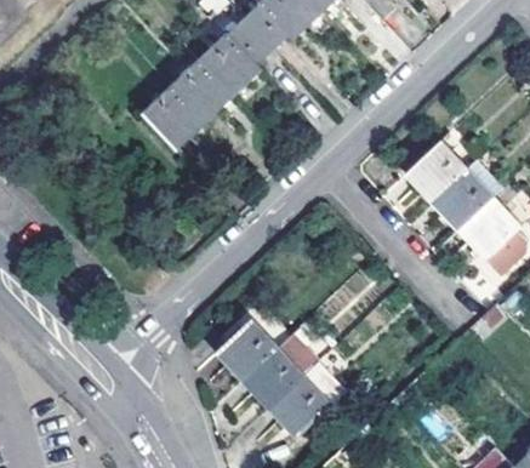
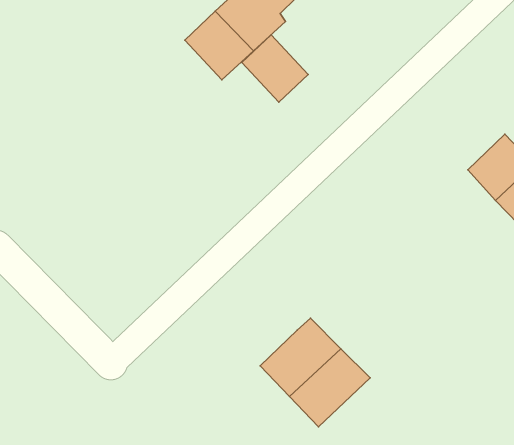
building: [146,81,206,143] -> [242,35,308,102]
building: [405,138,466,200] -> none
building: [215,320,275,379] -> none

